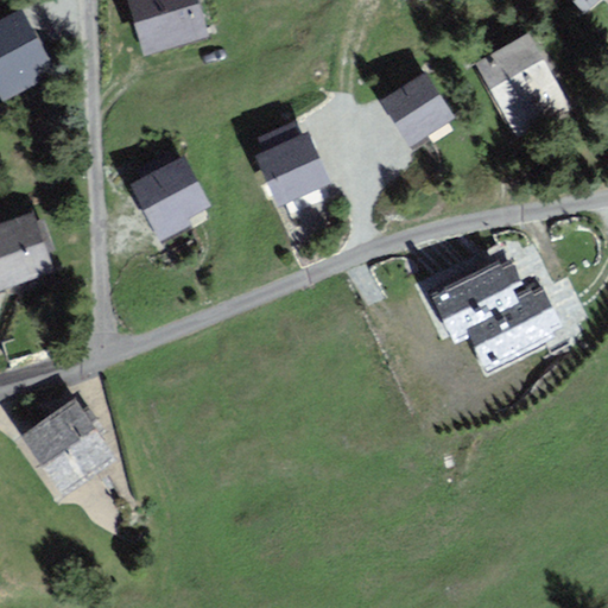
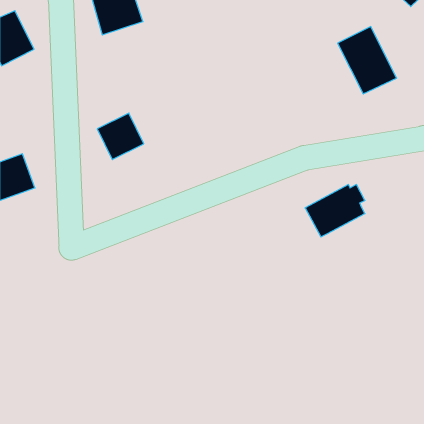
building: [387,78,449,140] -> none
building: [260,135,325,201] -> none
building: [468,290,556,367] -> none
building: [27,405,112,490] -> none

